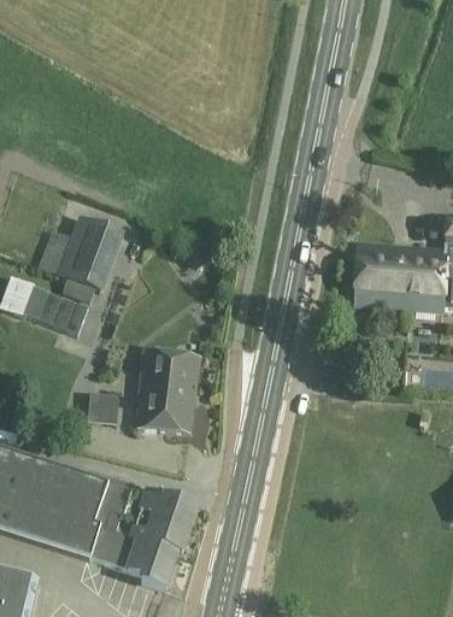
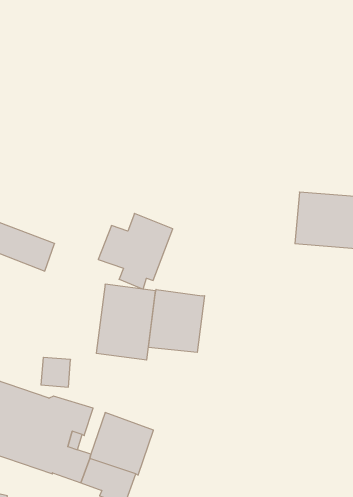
building: [47,213,129,296] -> [98,213,173,289]
building: none -> [148,289,204,352]
building: [87,389,119,422] -> [41,357,71,387]

